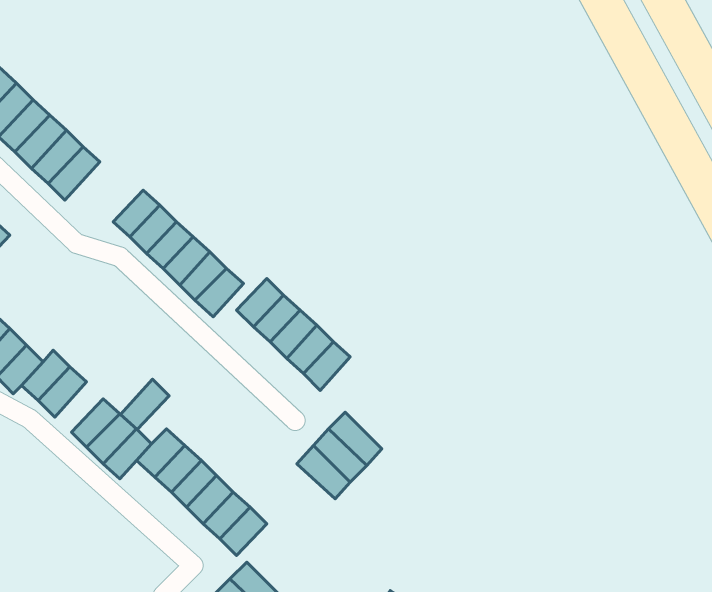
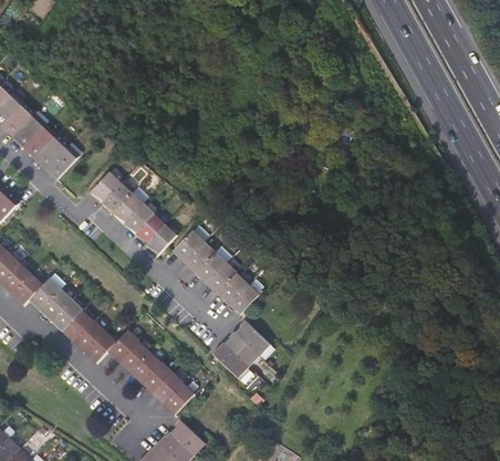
building: none -> [228,283,259,316]
building: [121,379,169,429] -> [52,300,84,333]

